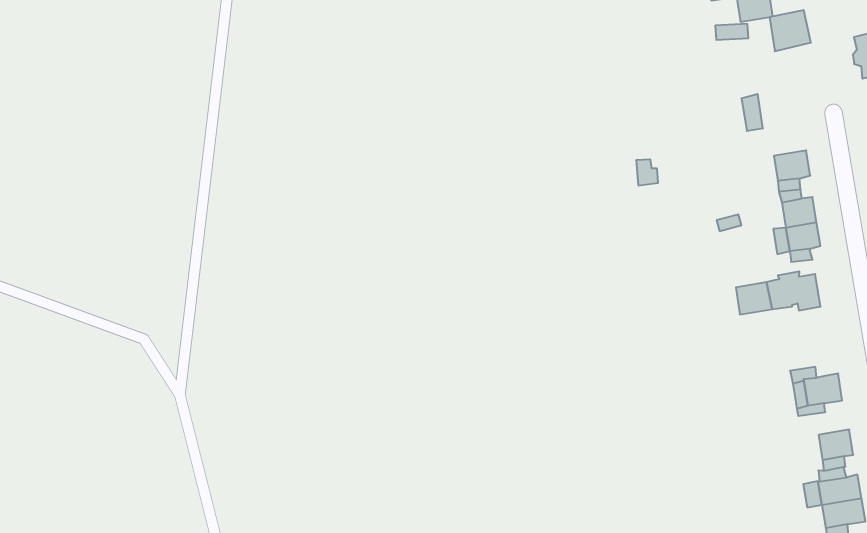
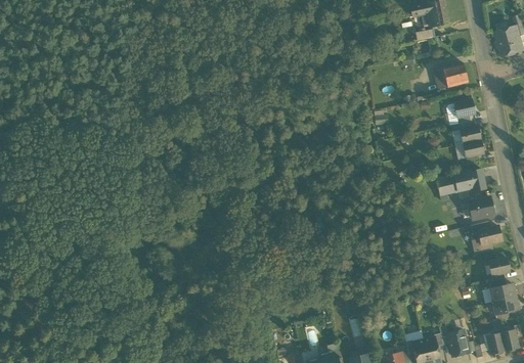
building: [770,10,811,51] -> [442,63,467,88]
building: none -> [468,198,494,219]

